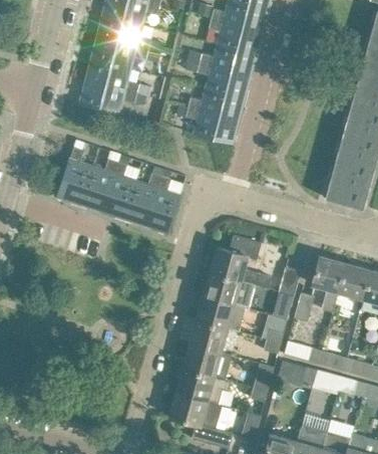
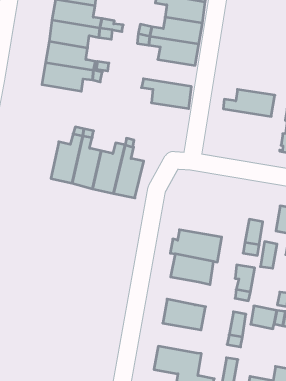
building: [187,88,244,121] -> [223,89,275,116]
building: [57,147,91,204] -> none
building: [211,235,271,287] -> none
building: [191,320,226,353] -> none
building: [176,369,230,404] -> none

